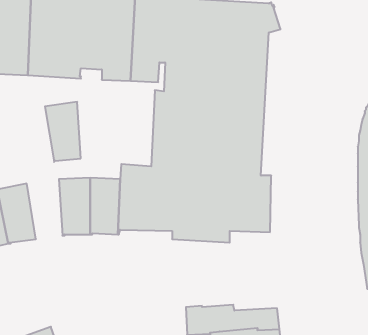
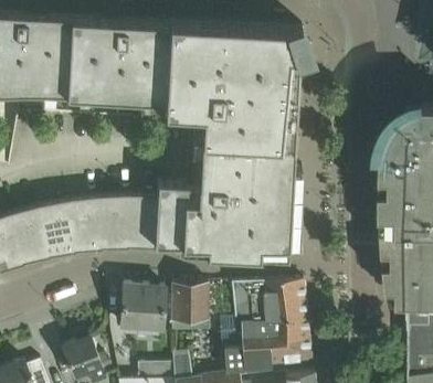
building: [45,102,81,162] -> [66,199,101,256]
building: none -> [231,283,306,325]
building: none -> [171,286,207,323]
building: none -> [120,287,165,331]

